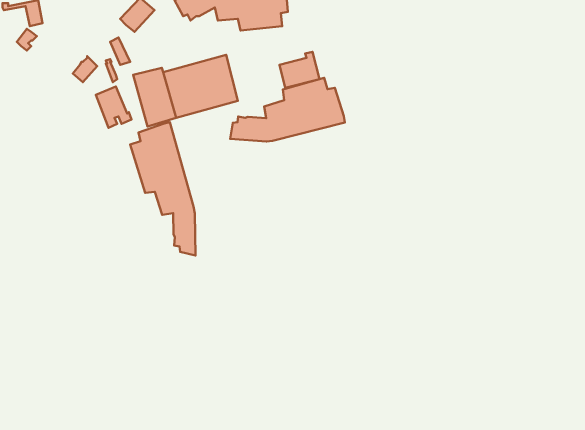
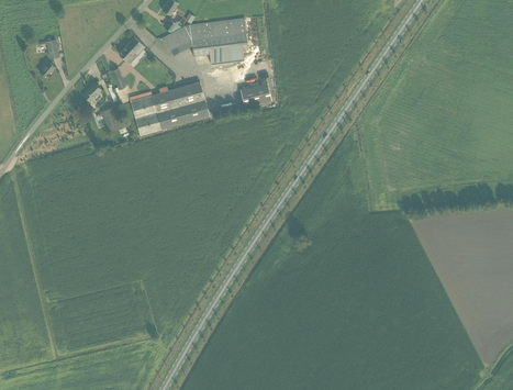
building: [230,78,345,142] -> none
building: [130,122,196,256] -> none

